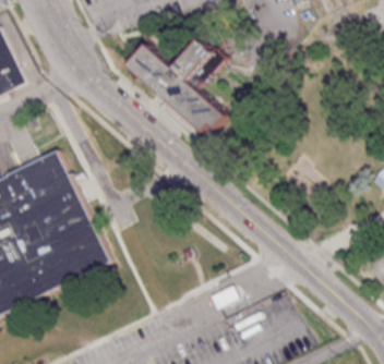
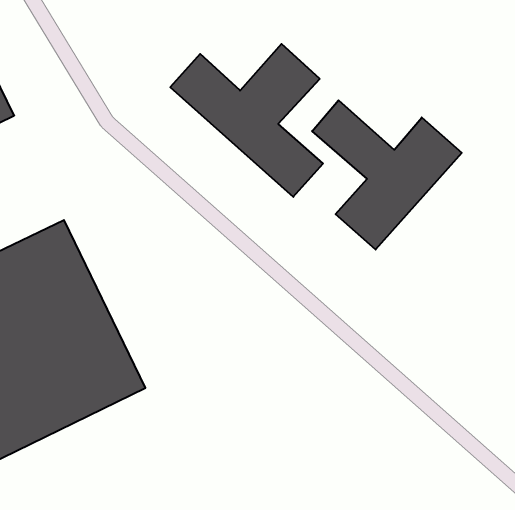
building: none -> [312,100,462,250]

